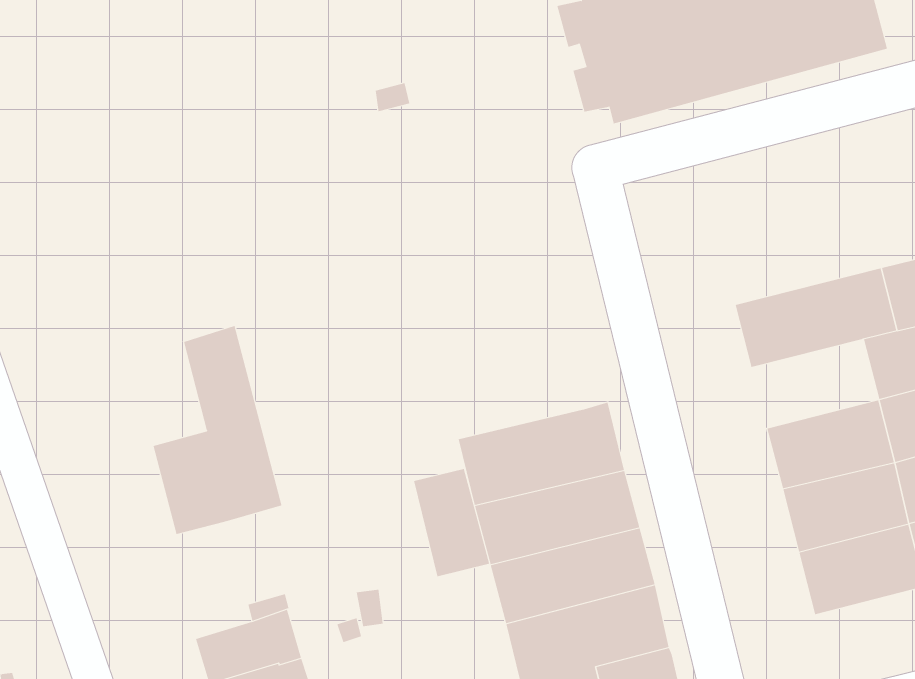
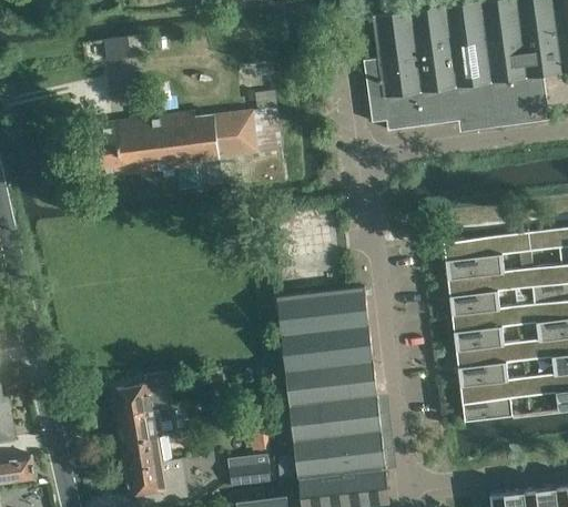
building: none -> [104,37,139,62]
building: none -> [89,109,283,176]
building: [153,325,282,535] -> none
building: none -> [447,272,517,315]
building: [413,468,490,577] -> none

